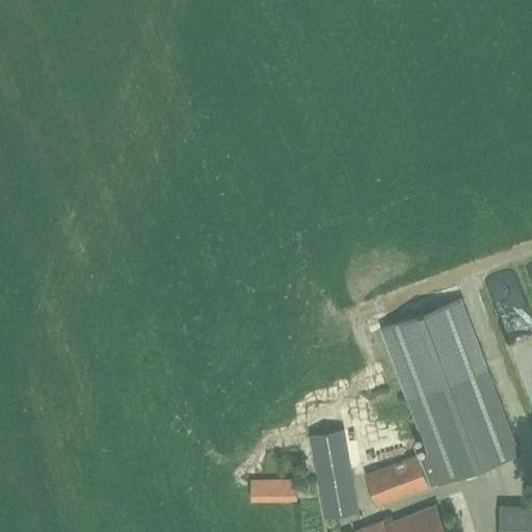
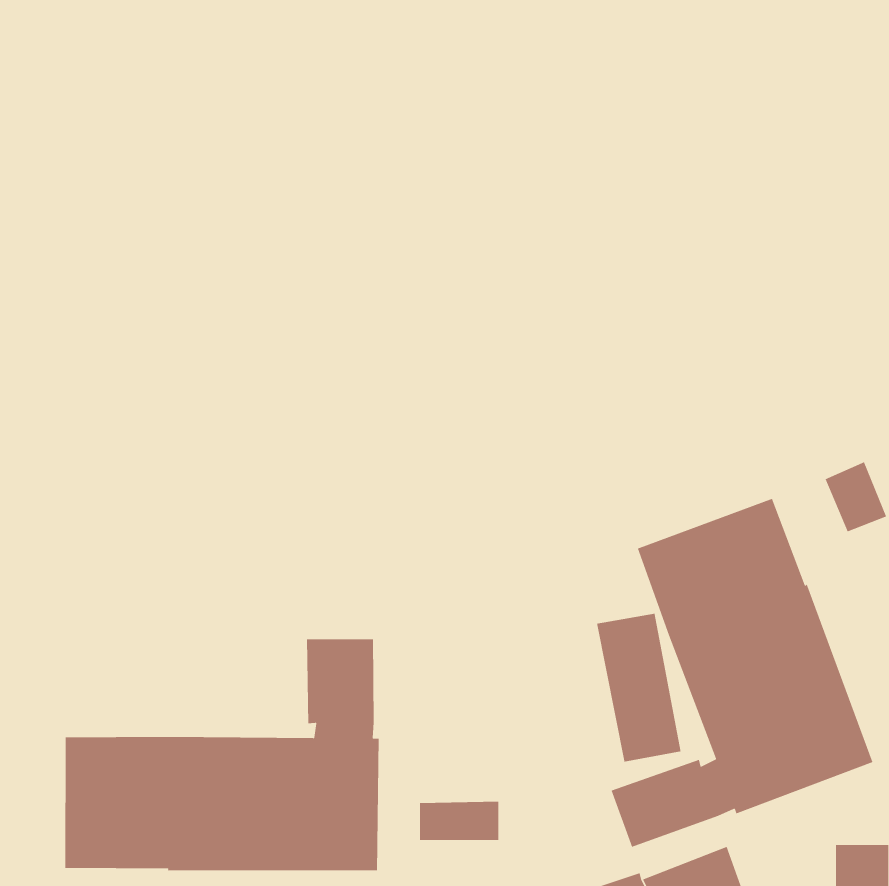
building: none -> [65,638,380,871]
building: [309,431,360,521] -> [596,613,681,762]

